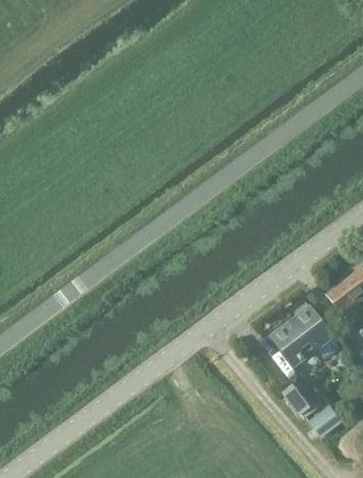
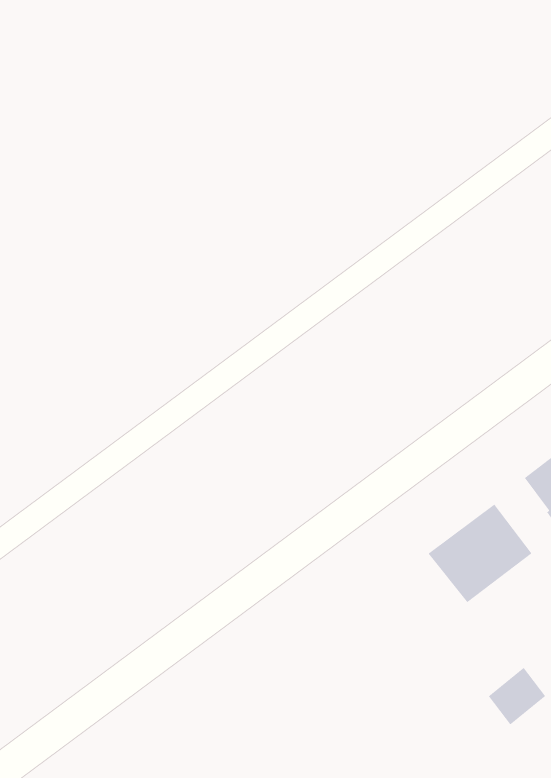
building: [282,374,320,413] -> none

